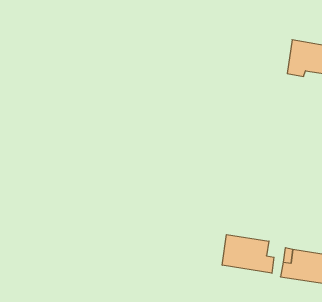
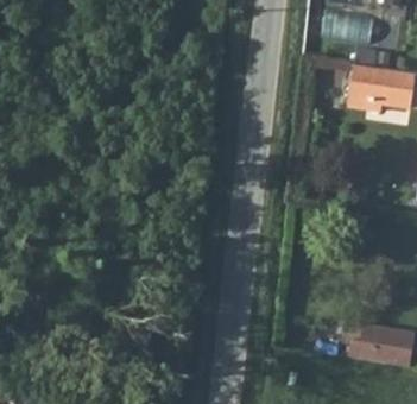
building: [222,235,274,273] -> none

